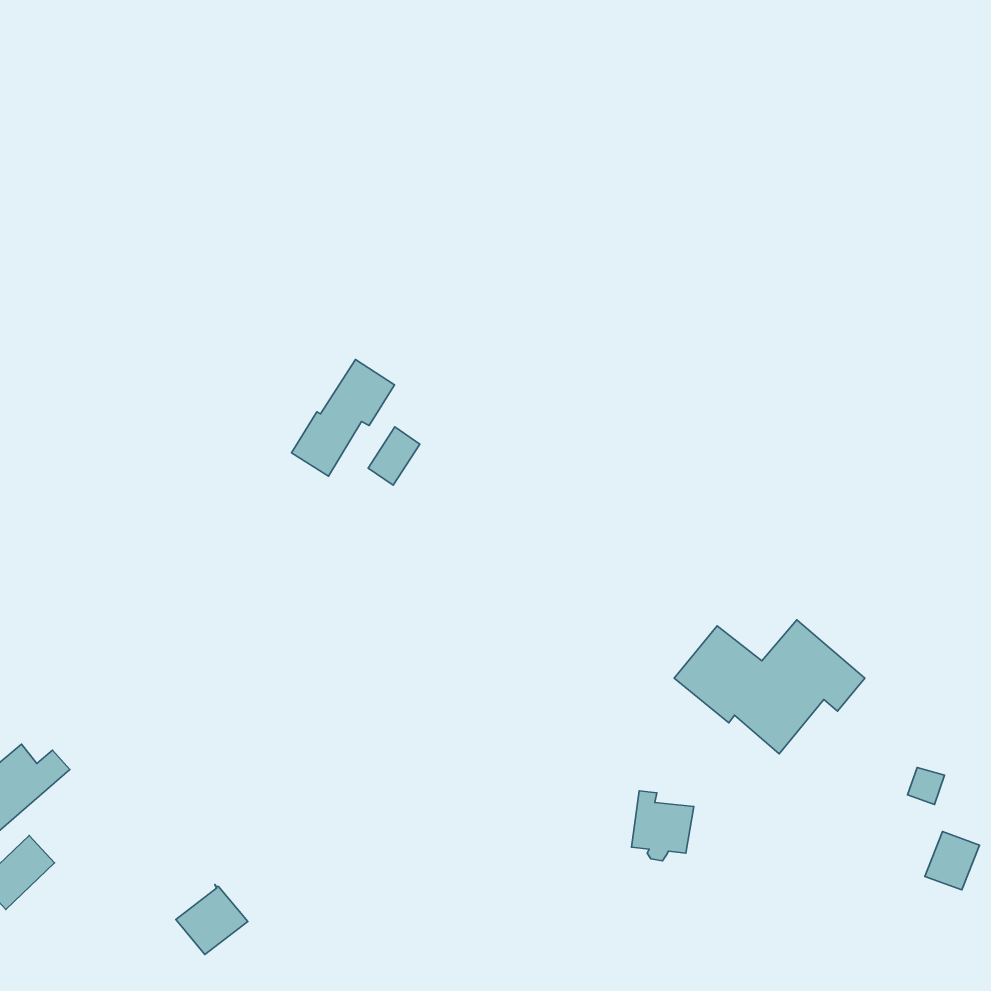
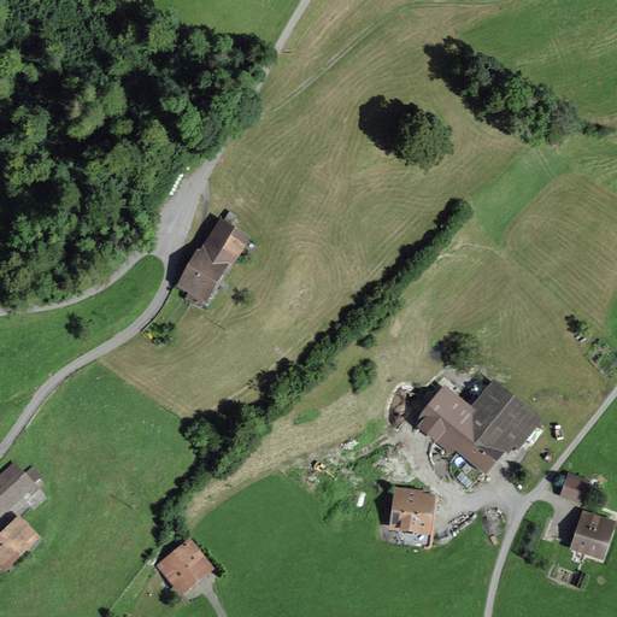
building: [368,427,420,485] -> none
building: [176,884,248,954] -> [160,545,205,588]

